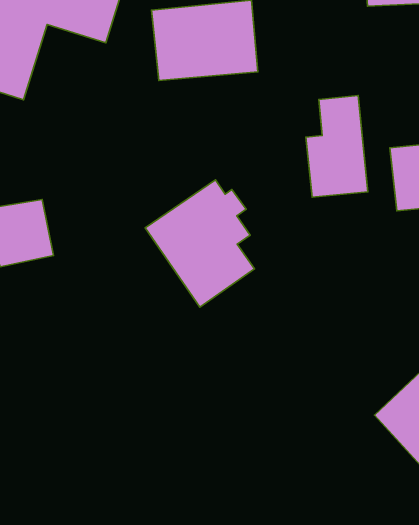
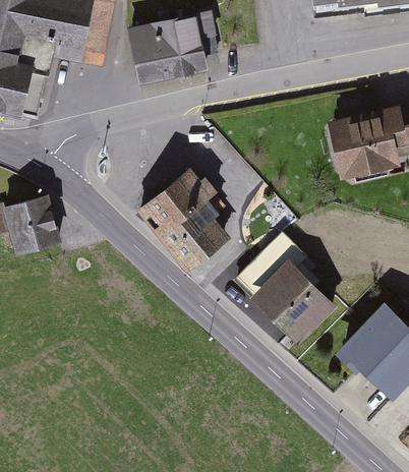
building: [306,96,368,197] -> none
building: none -> [234,232,341,340]

